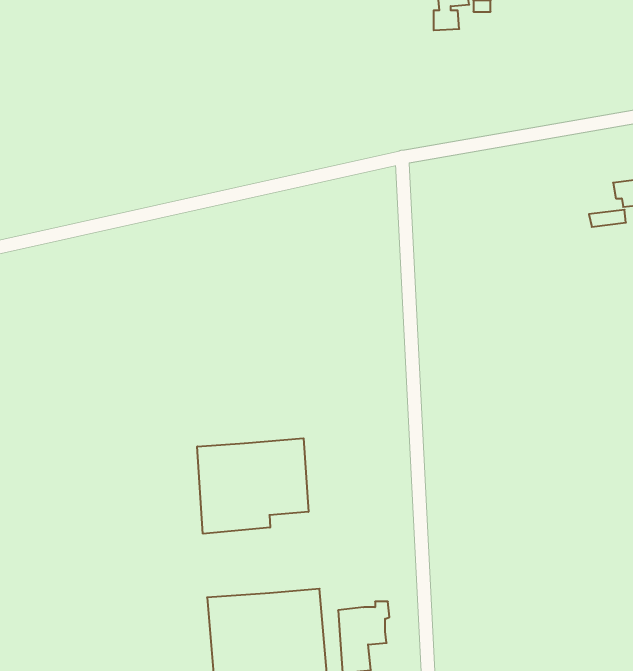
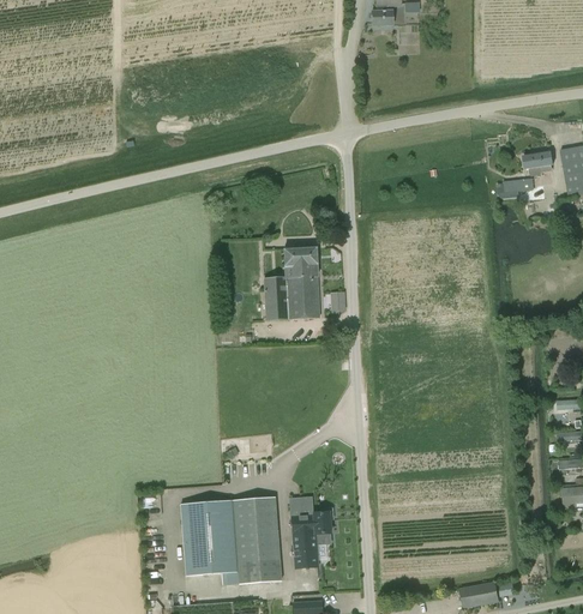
building: none -> [263,247,319,320]
building: [197,438,308,534] -> none

